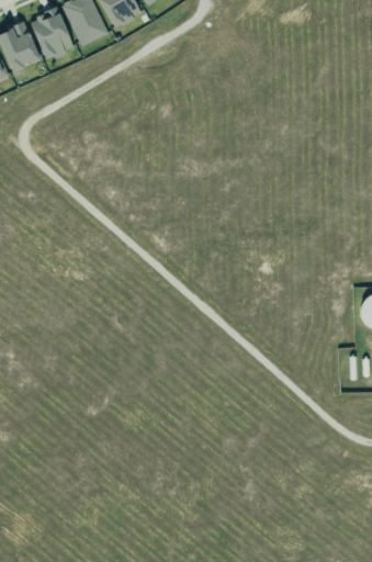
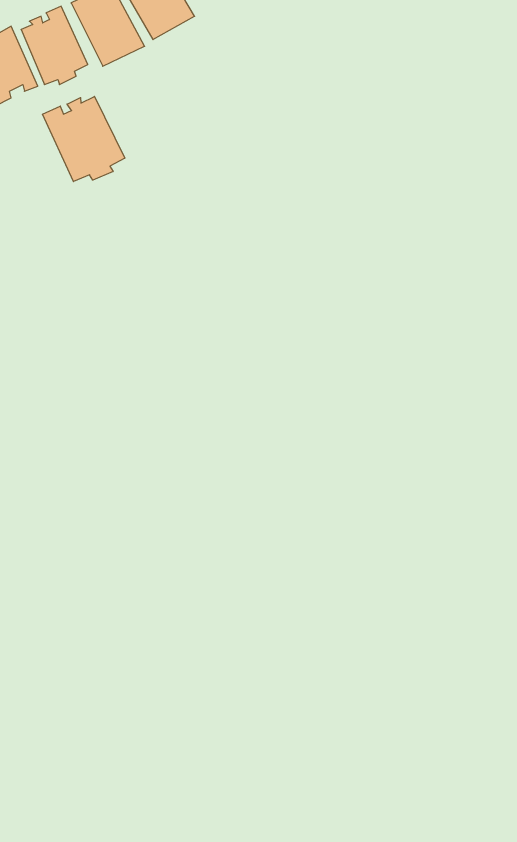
building: none -> [43,96,125,182]

